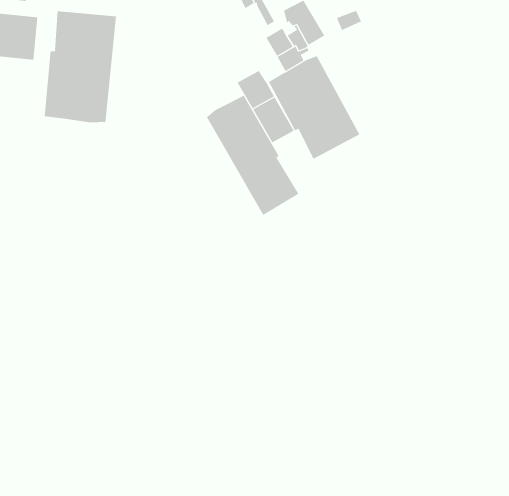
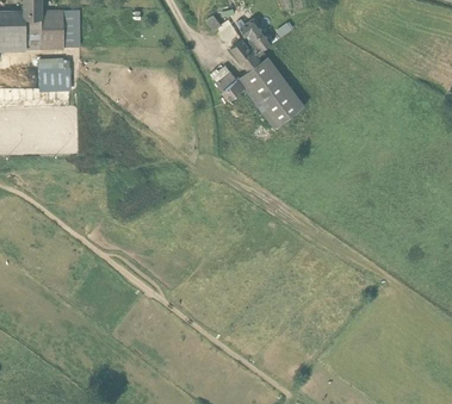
building: [44,11,116,123] -> none
building: [206,95,299,216] -> none

